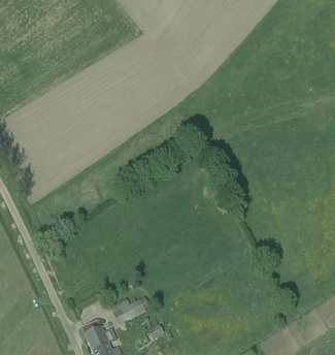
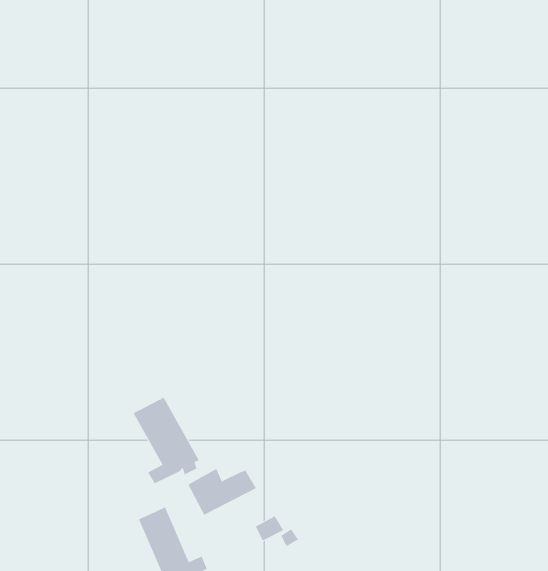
building: none -> [133,397,199,484]

